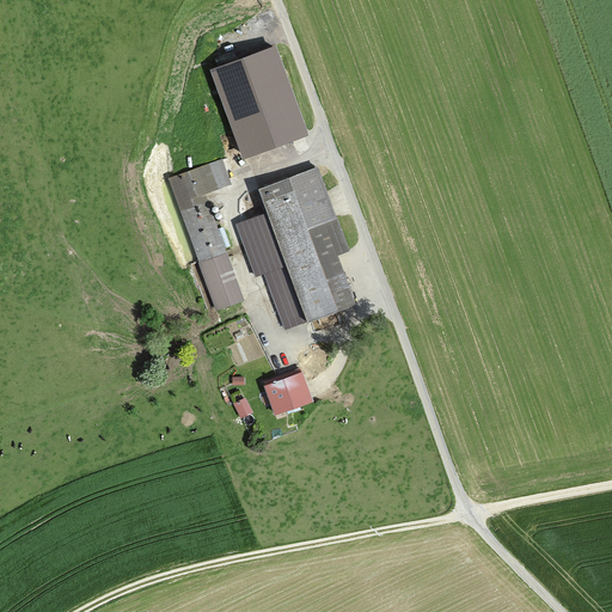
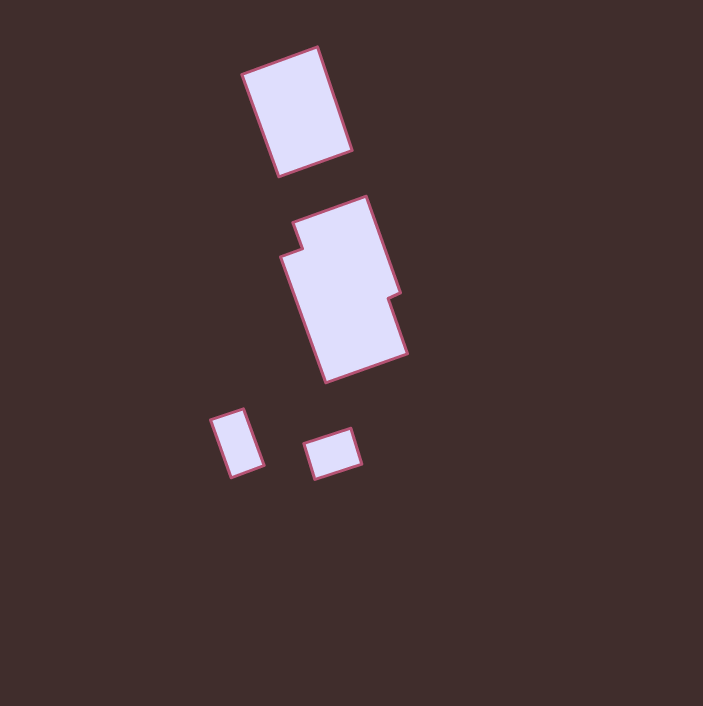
building: [167,160,230,253] -> none
building: [197,253,244,313] -> [210,409,264,478]

